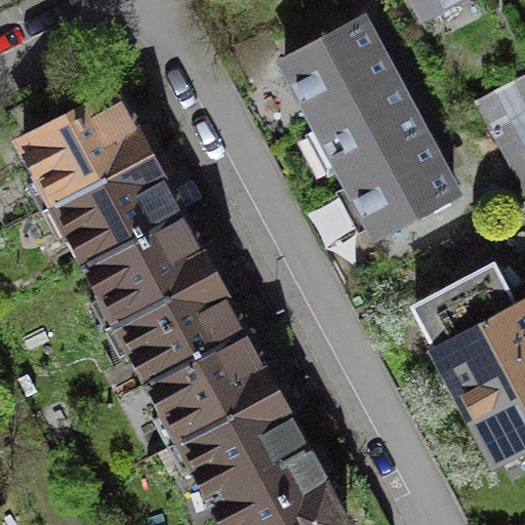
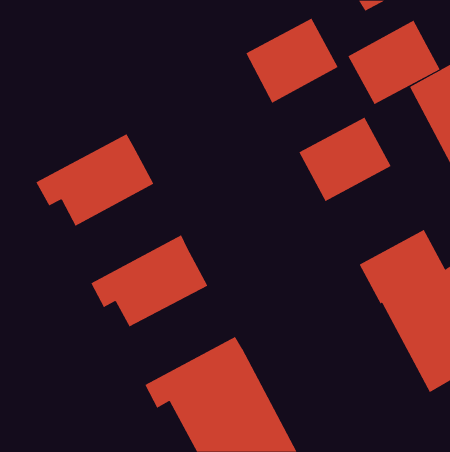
building: [318,78,426,176] -> [348,20,441,105]
building: [26,94,150,211] -> none
building: [90,213,213,328] -> none
building: [153,331,276,446] -> none

